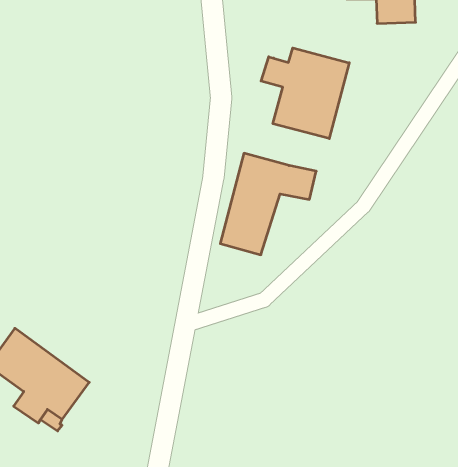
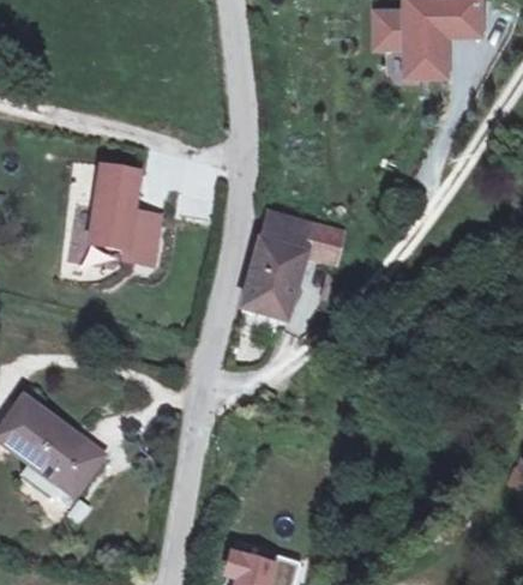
building: [261,48,349,139] -> none
building: none -> [90,164,160,263]

